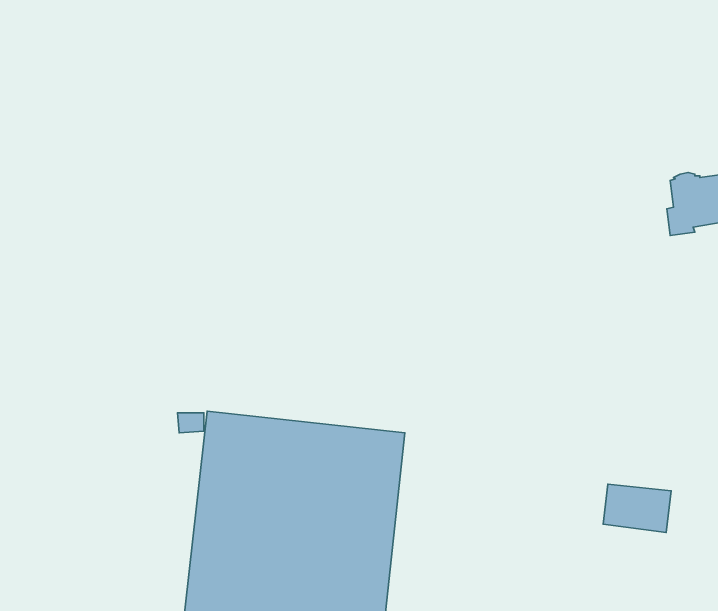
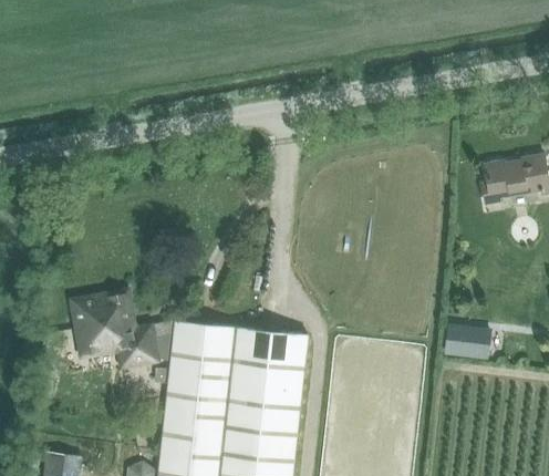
building: none -> [72,292,154,364]
building: [603,484,671,532] -> [444,327,489,359]

